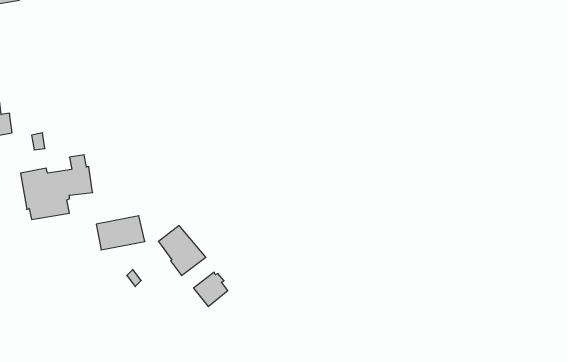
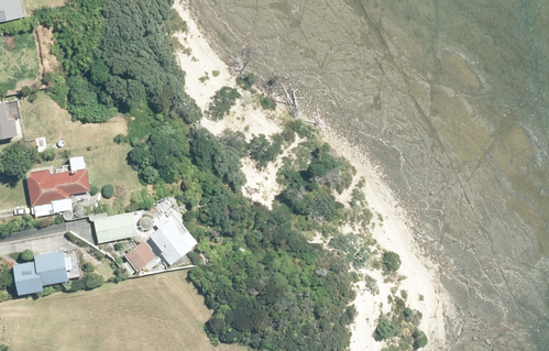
building: none -> [13,251,69,295]
building: [194,272,228,306] -> [124,240,155,271]

